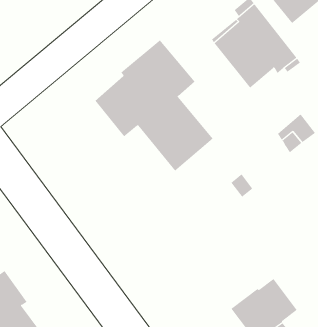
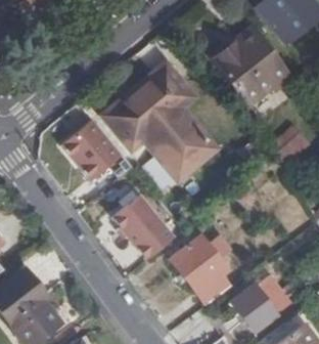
building: none -> [60,118,126,183]
building: none -> [110,190,178,260]
building: none -> [172,234,232,305]

